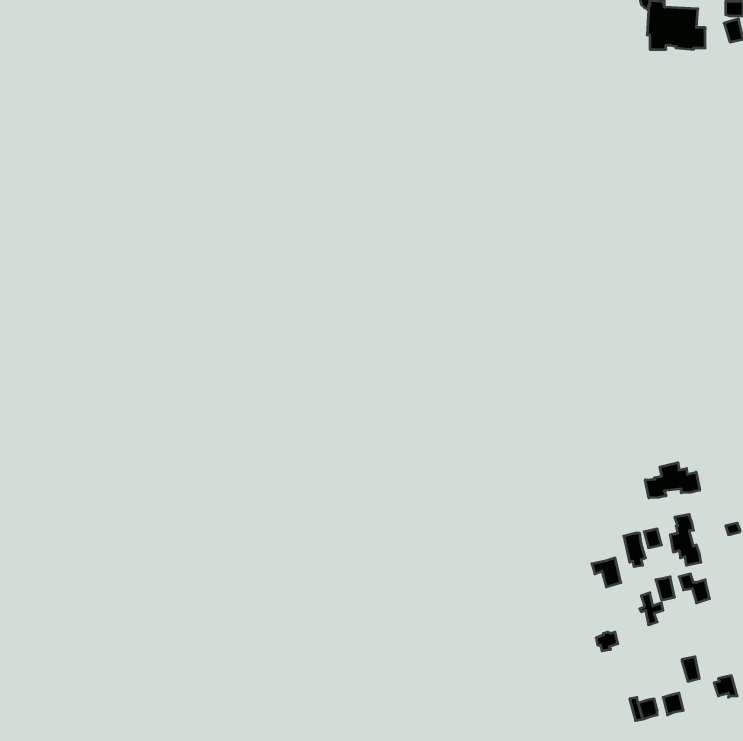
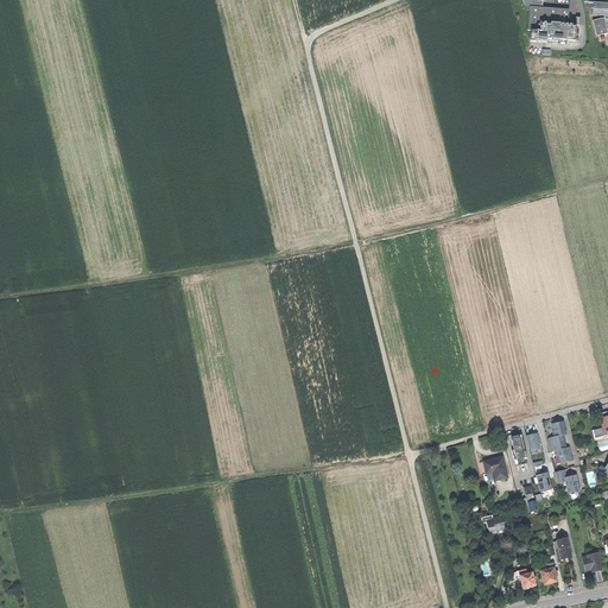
building: [645,463,700,498] -> none

